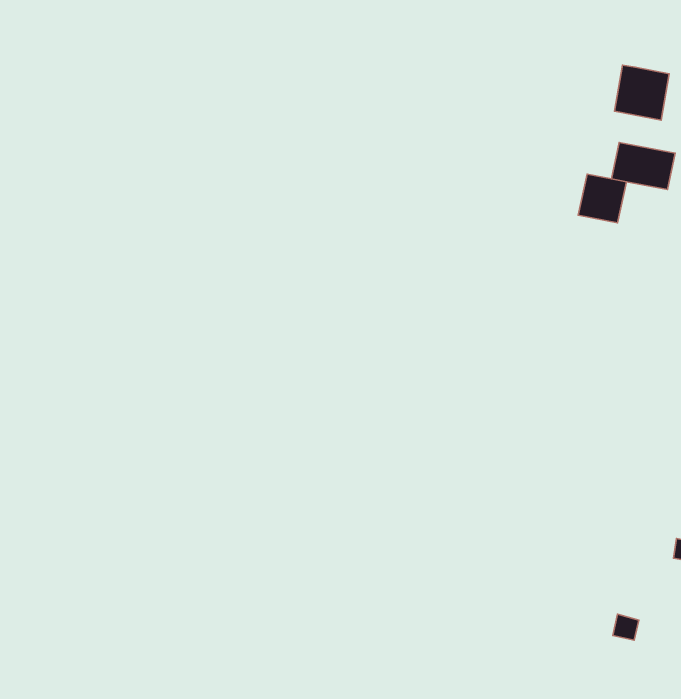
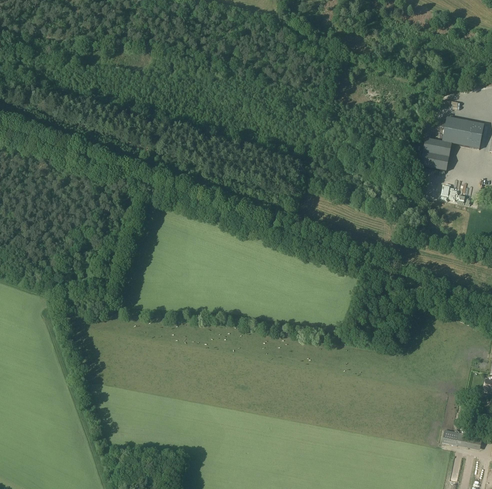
building: [614,65,669,120] -> none

